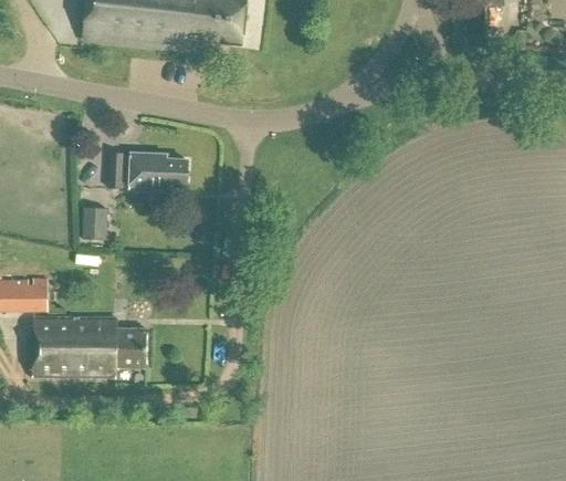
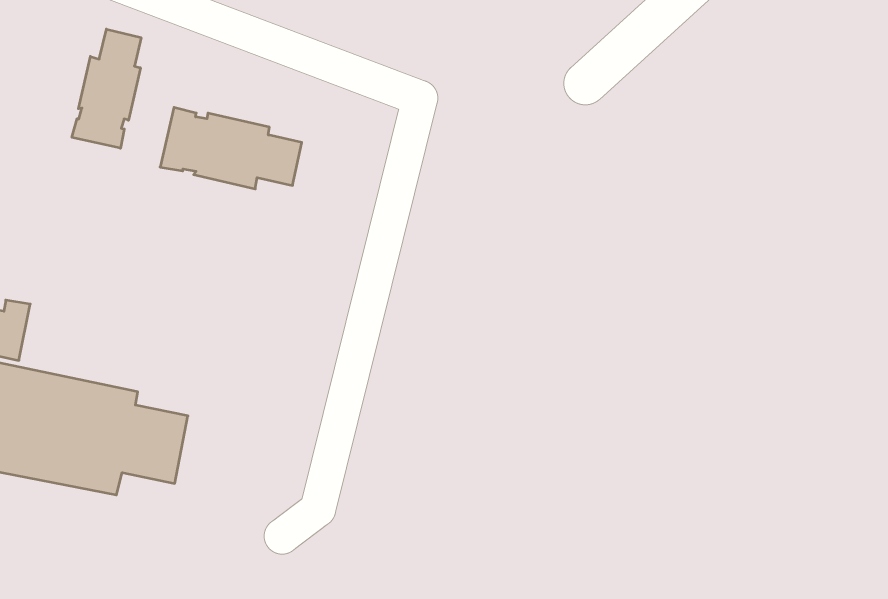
building: none -> [72,29,141,148]
building: [81,208,106,240] -> none

